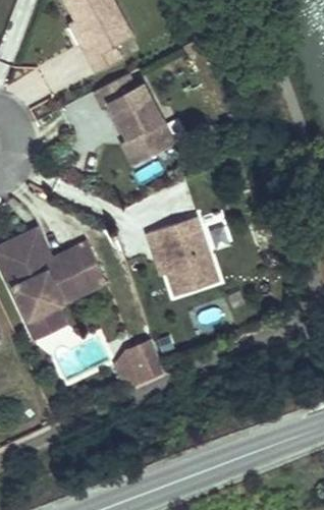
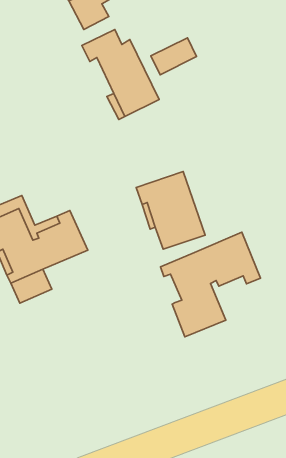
building: none -> [151,38,197,75]
building: none -> [160,232,261,337]
building: [108,343,159,396] -> none

